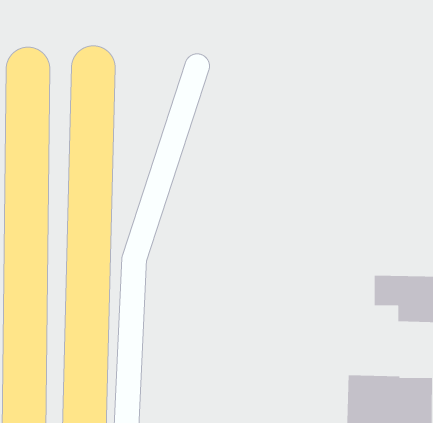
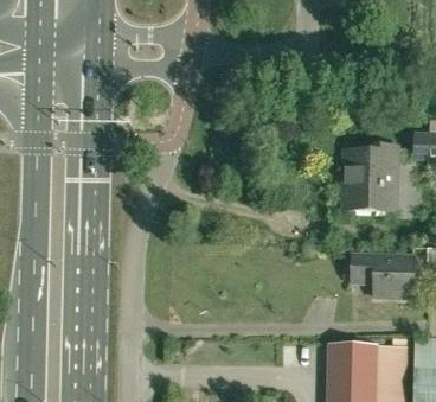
building: none -> [342,147,397,211]

